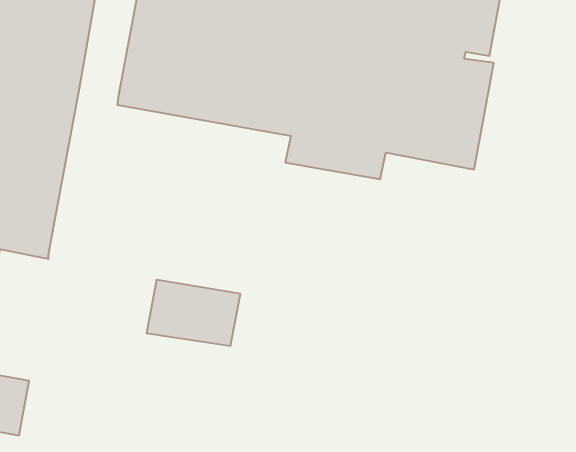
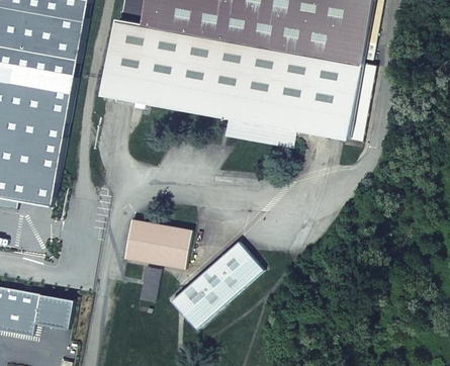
building: none -> [168,244,261,332]
building: none -> [137,267,158,302]
building: none -> [32,294,71,329]

